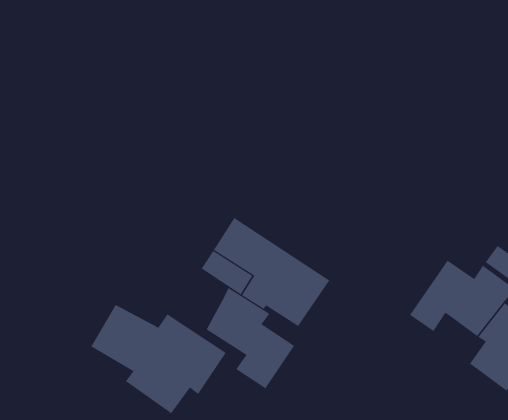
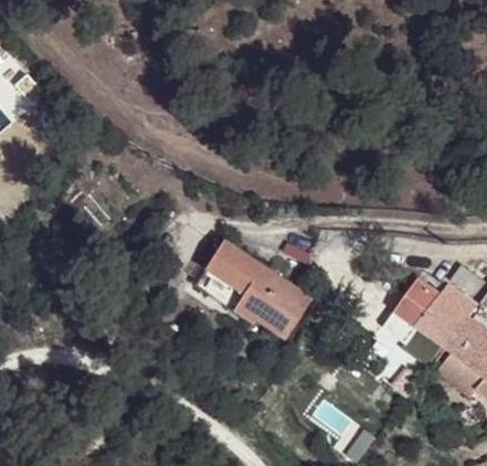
building: [206,287,295,389] -> none
building: [90,304,226,414] -> none

